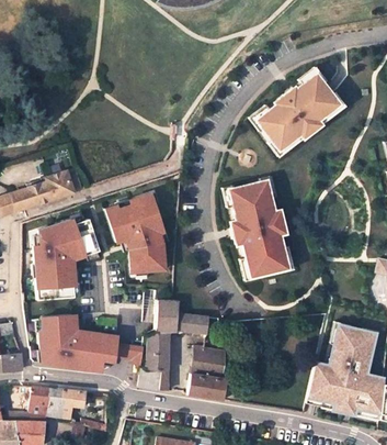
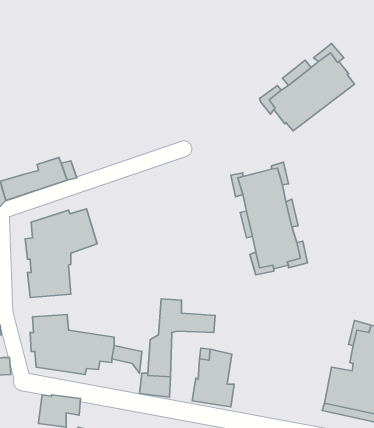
building: [268,91,344,156] -> none
building: [107,194,167,271] -> none
building: [30,387,50,414] -> none

